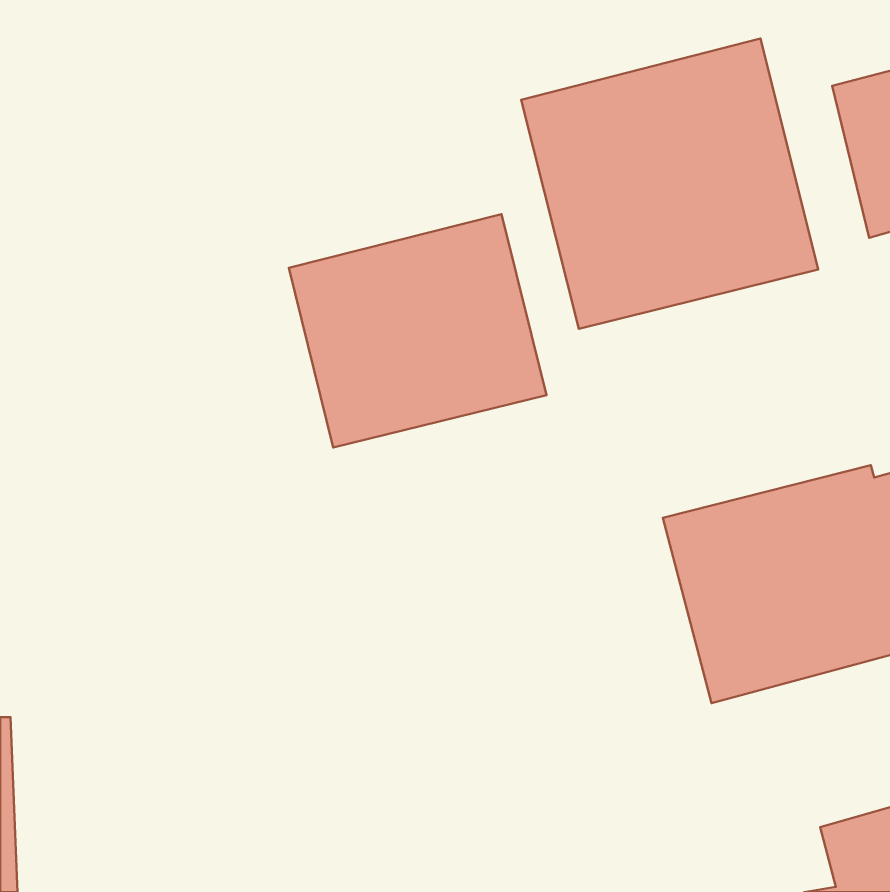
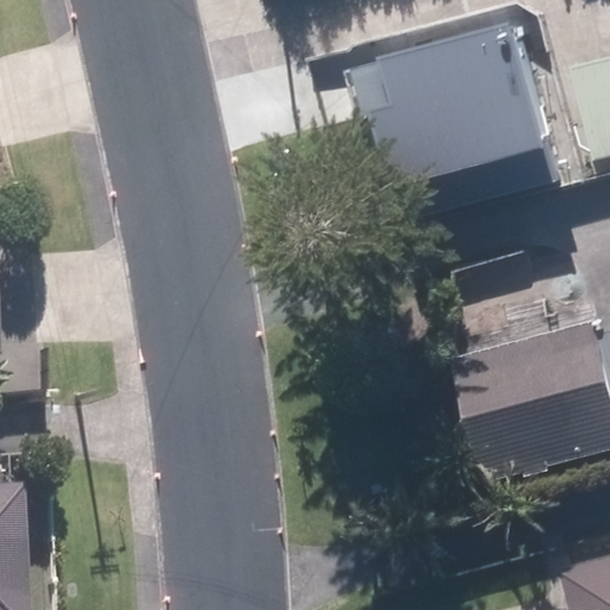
building: [289,214,547,448] -> none

